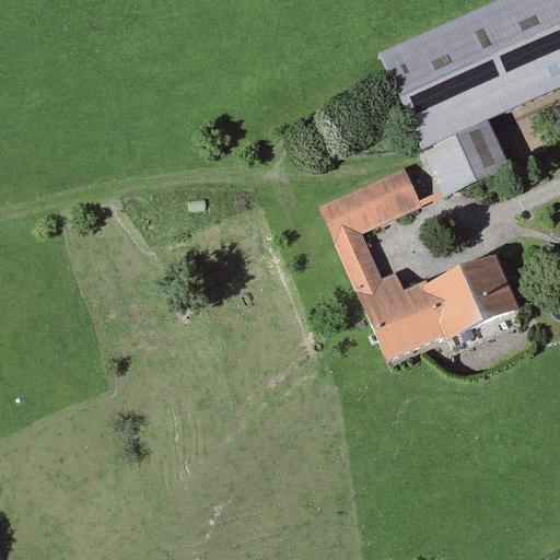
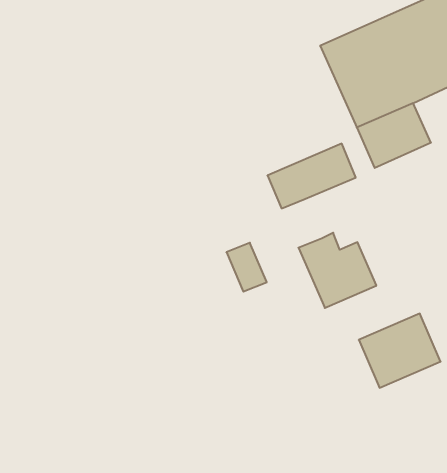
building: [335,232,382,289] -> [226,243,267,292]
building: [423,252,518,338] -> [359,314,441,388]

